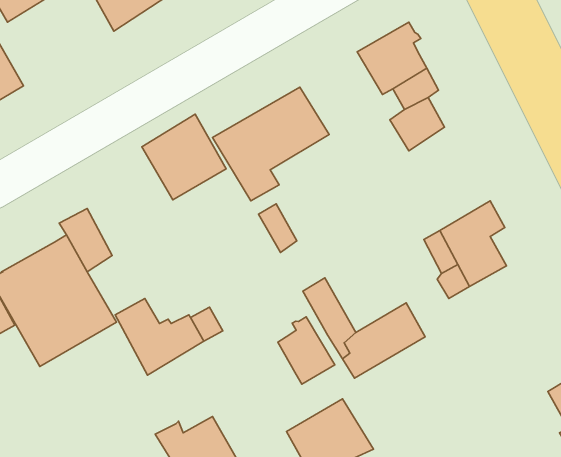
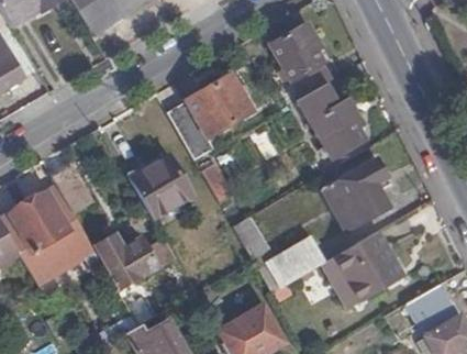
building: [142,114,226,200] -> [130,155,192,219]
building: none -> [312,99,366,158]
building: none -> [335,229,403,301]
building: [278,317,335,384] -> none

